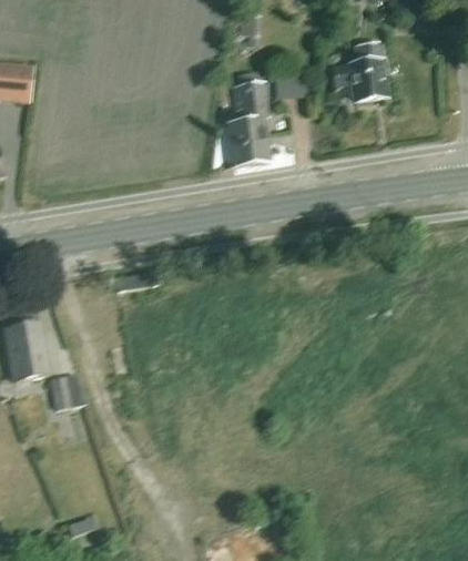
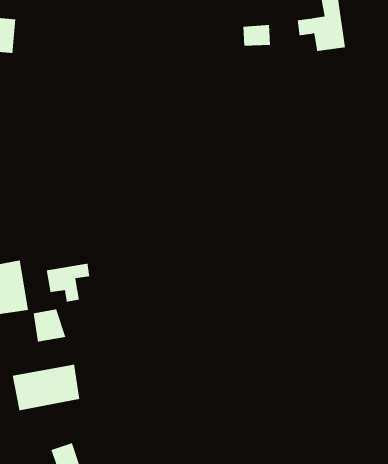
building: [227,81,269,164] -> none
building: none -> [46,263,90,302]
building: none -> [12,364,80,411]

